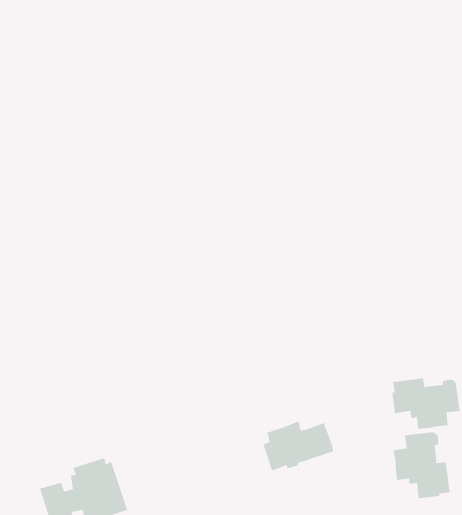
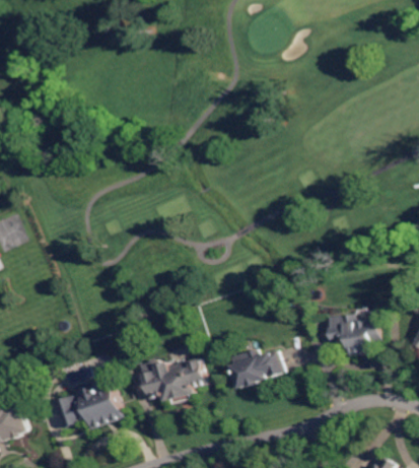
building: [393,432,450,500] -> none
building: none -> [137,358,205,404]

